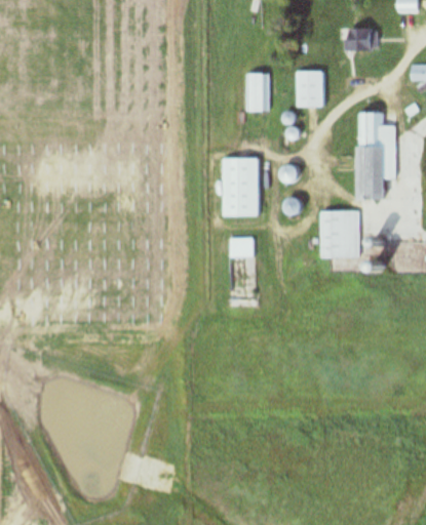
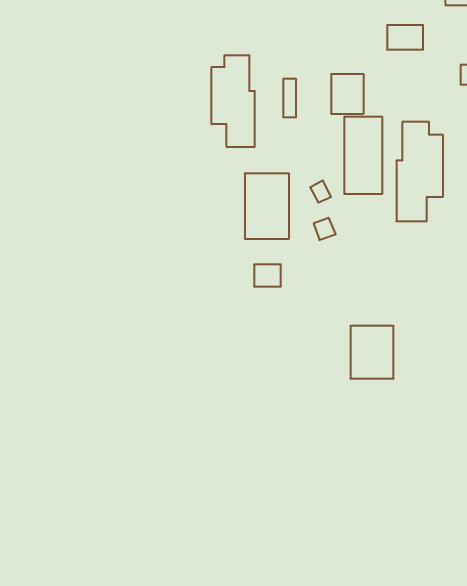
building: none -> [212,55,255,147]
building: none -> [344,117,382,194]
building: [320,211,358,257] -> [350,326,394,379]

